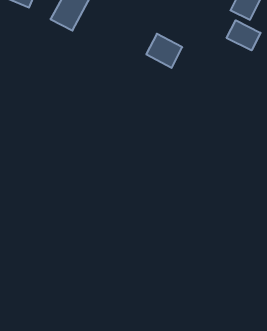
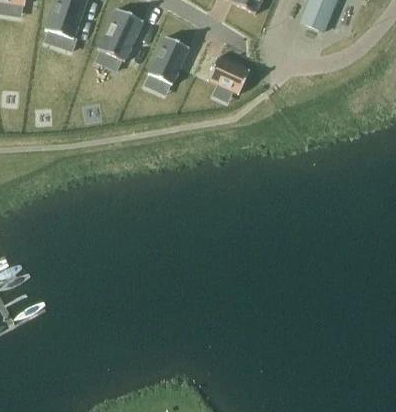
building: none -> [150,37,188,83]
building: [227,20,261,50] -> none

